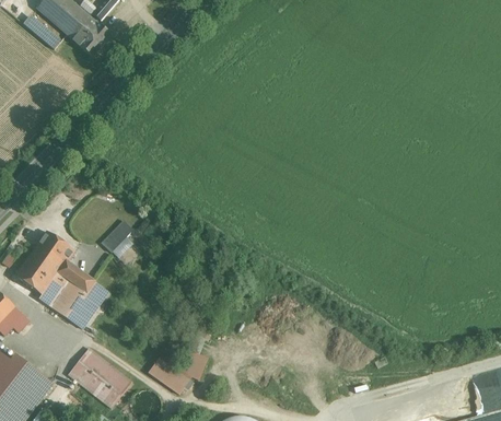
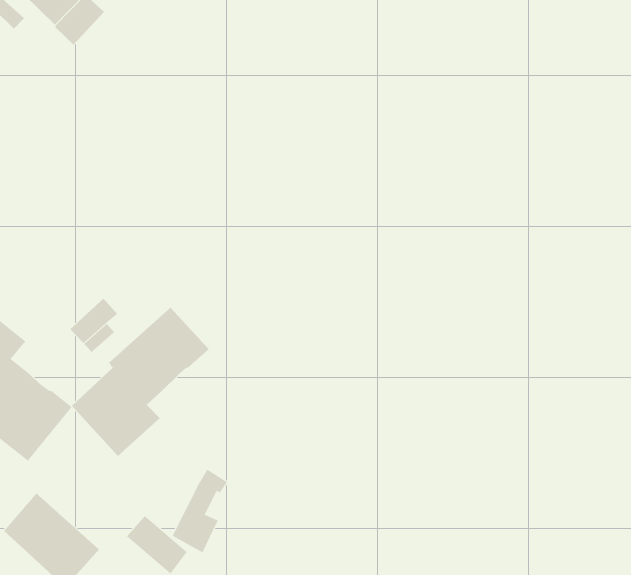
building: none -> [71,307,209,457]

